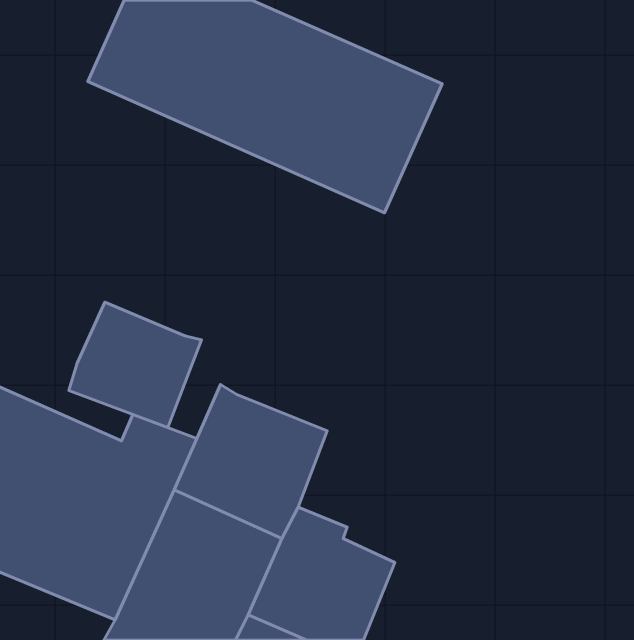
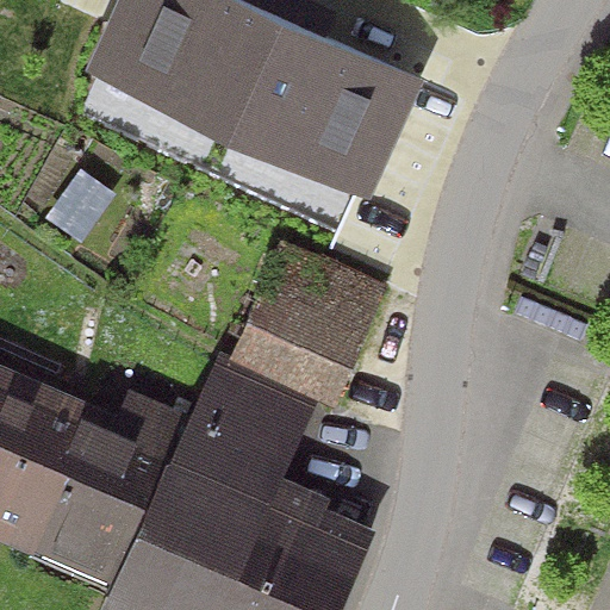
building: none -> [225,239,382,415]
building: [69,302,202,428] -> none

